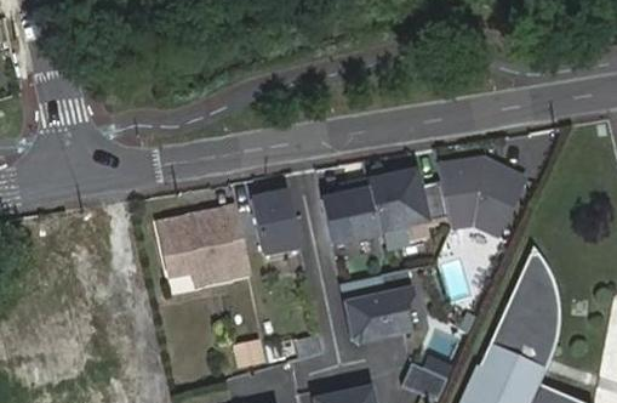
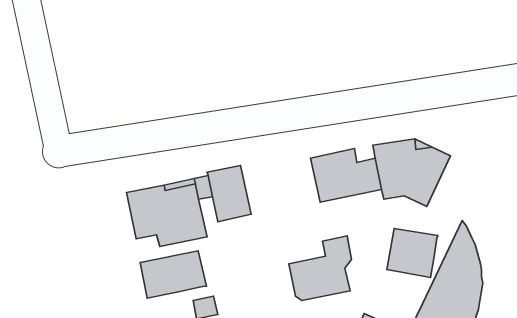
building: [321,178,378,245] -> none
building: none -> [387,228,438,277]
building: none -> [140,251,206,298]

